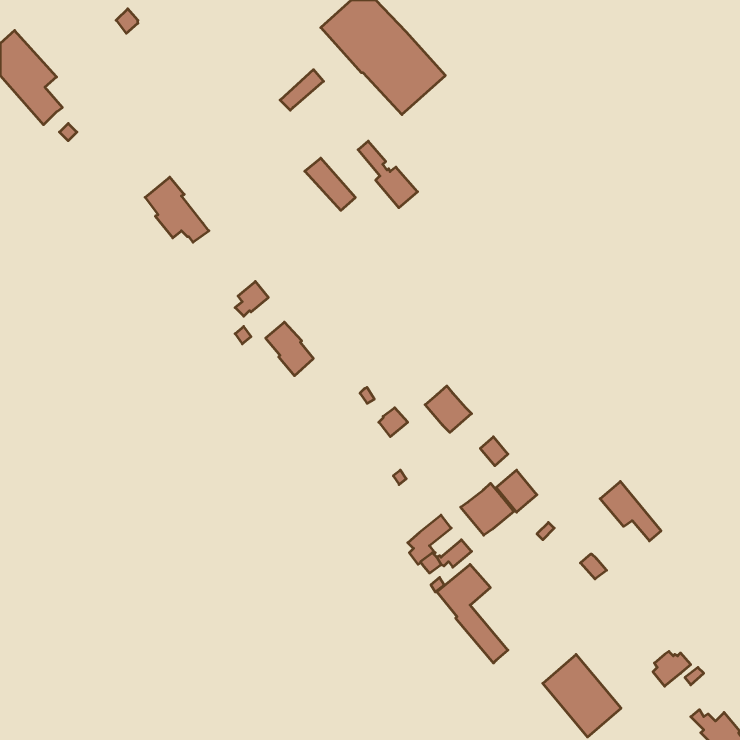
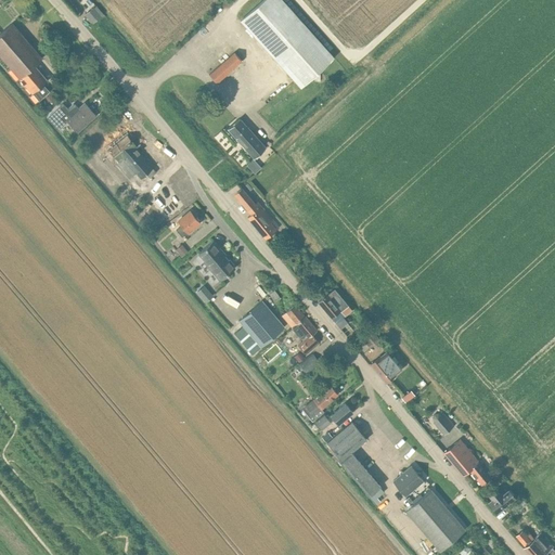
building: none -> [47,104,96,133]
building: [358,141,418,208] -> [235,190,280,240]
building: none -> [235,301,285,356]
building: none -> [293,317,320,354]
building: [600,481,661,541] -> [446,441,491,486]
building: [461,483,514,535] -> none
building: none -> [397,467,428,499]

